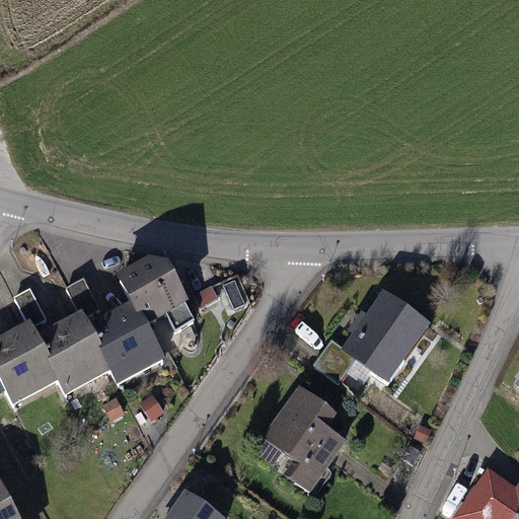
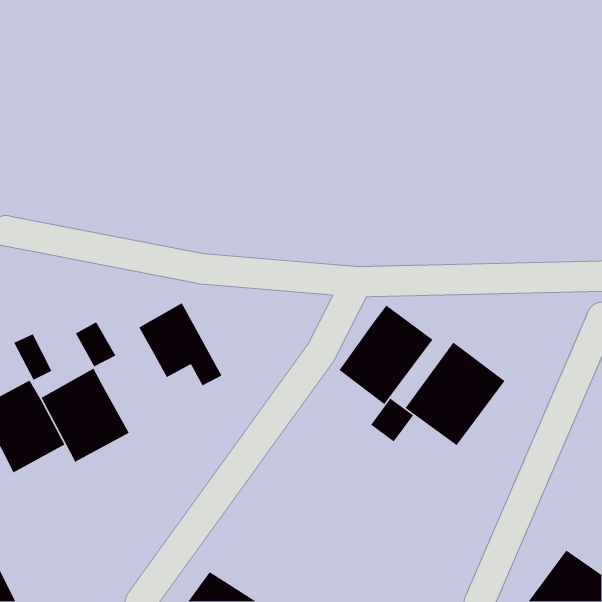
building: none -> [338,304,433,405]
building: [87,302,162,382] -> none
building: [268,386,348,493] -> none

